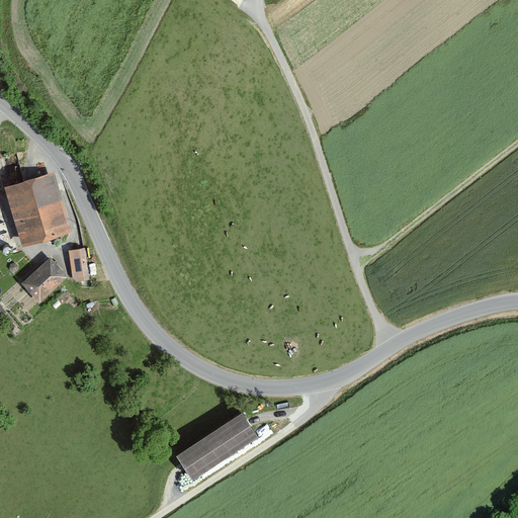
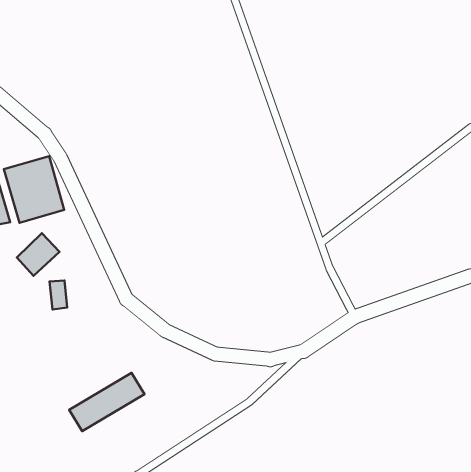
building: [65,250,84,281] -> [50,281,67,309]
building: [179,412,261,476] -> [69,373,145,431]

